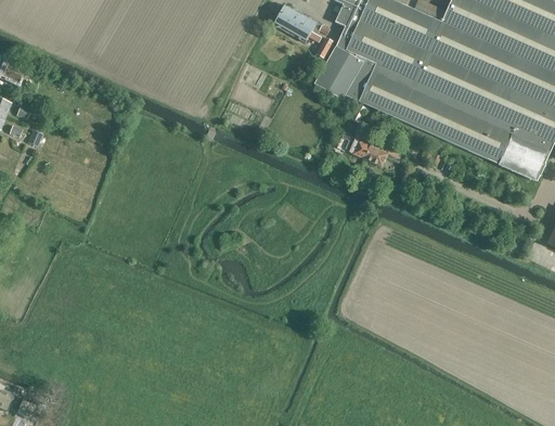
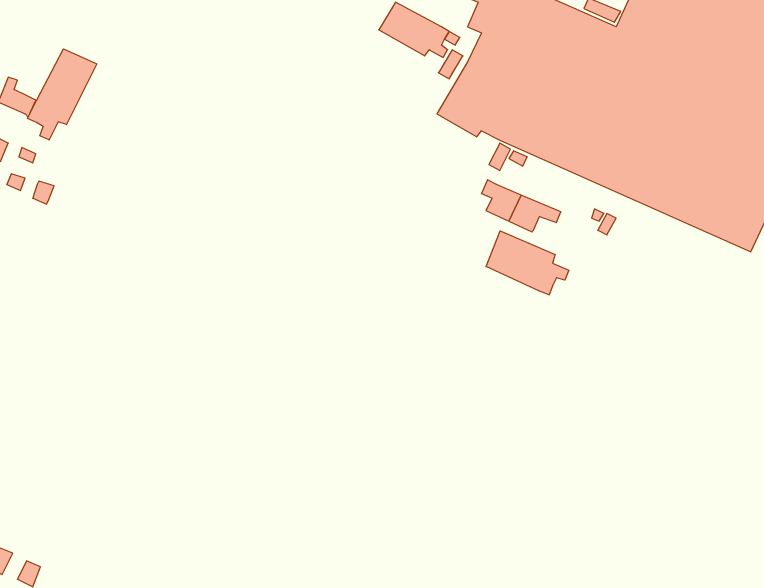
building: none -> [27,49,97,140]
building: none -> [486,231,569,295]

